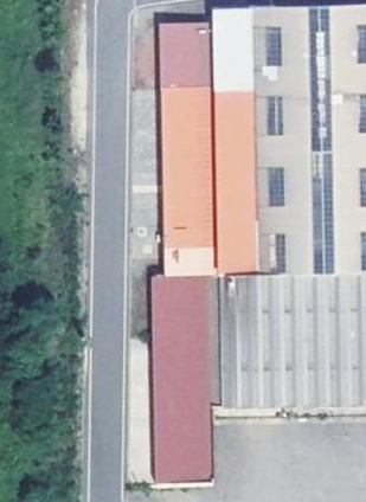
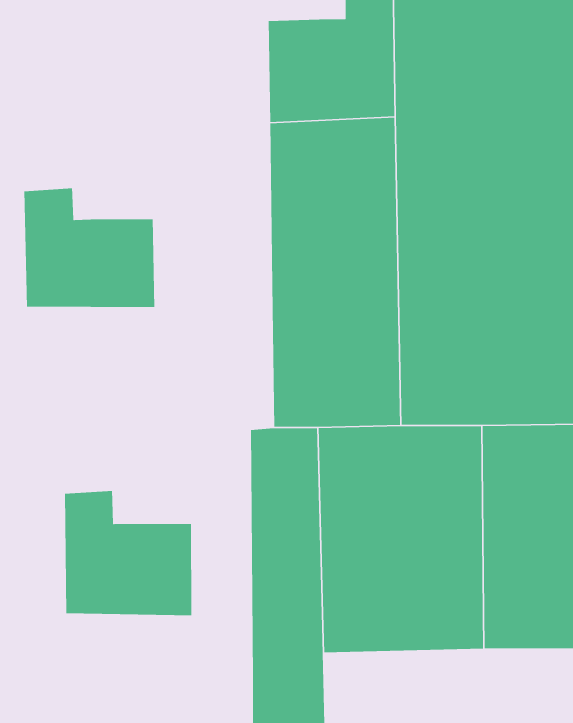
building: none -> [23,187,155,308]
building: none -> [64,490,192,616]

